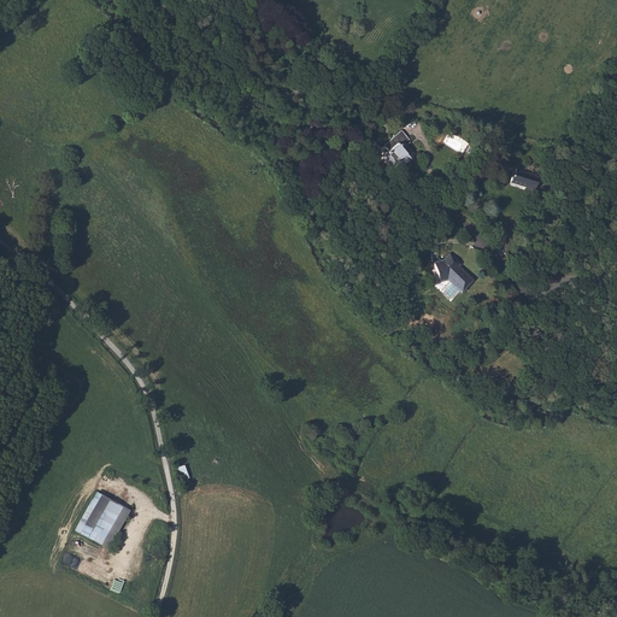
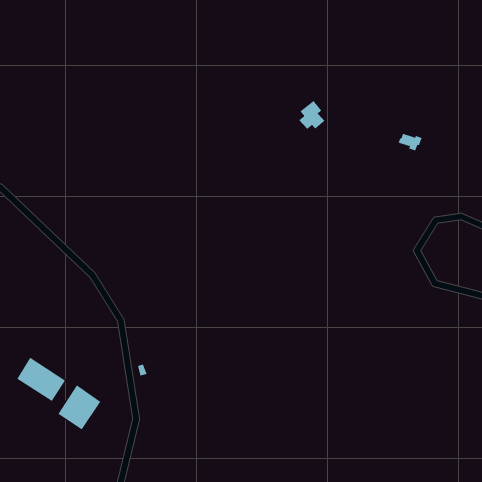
building: [433,254,471,292] -> none
building: none -> [17,357,66,402]

